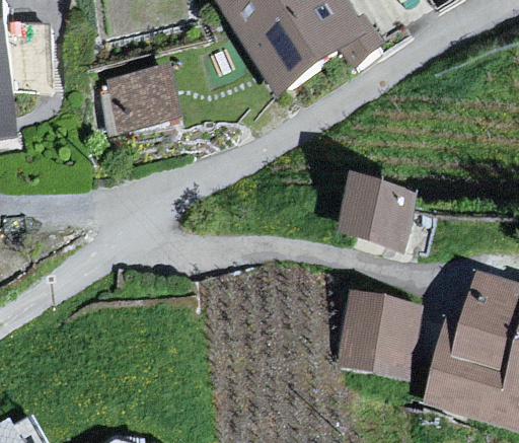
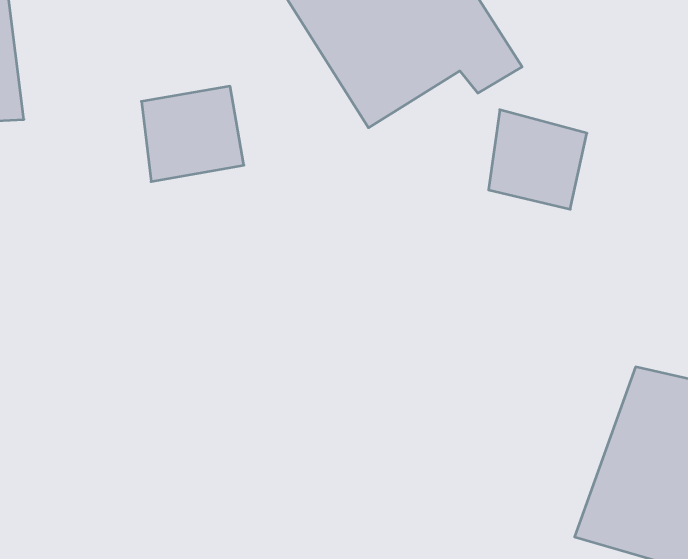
building: [338,175,410,248] -> [489,110,587,209]
building: [341,286,422,373] -> none

